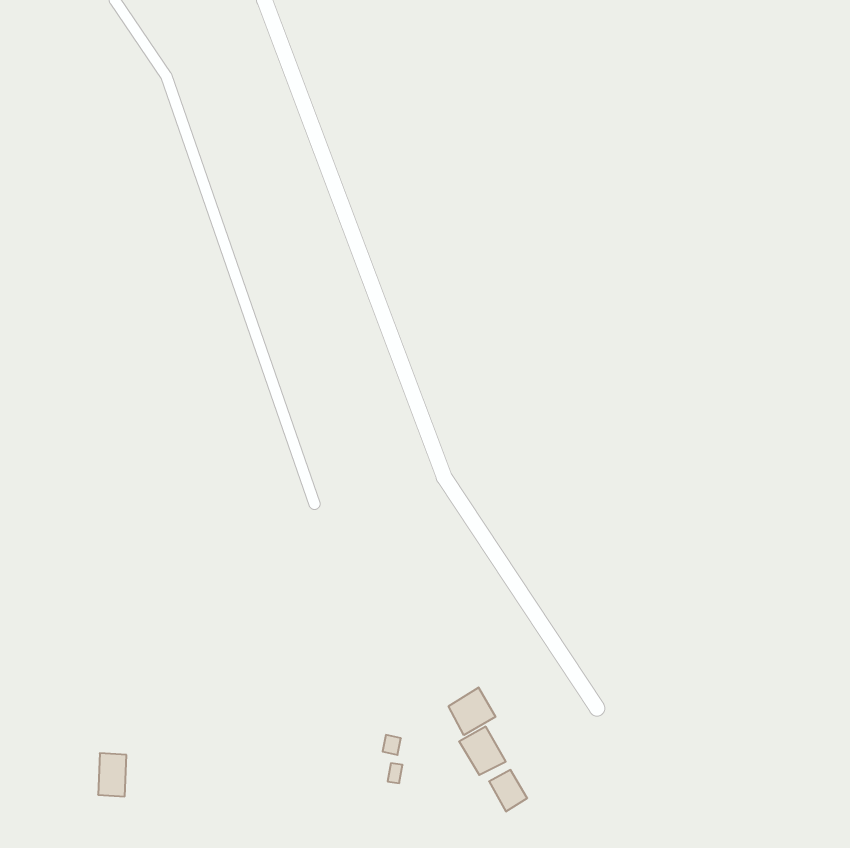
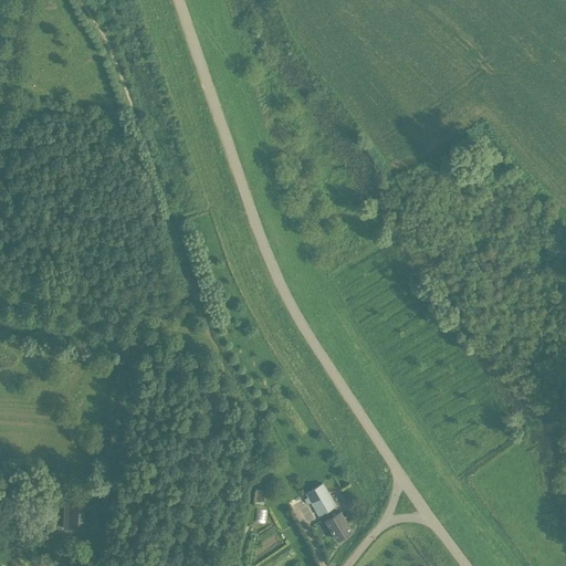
building: [449,687,495,735] -> none

